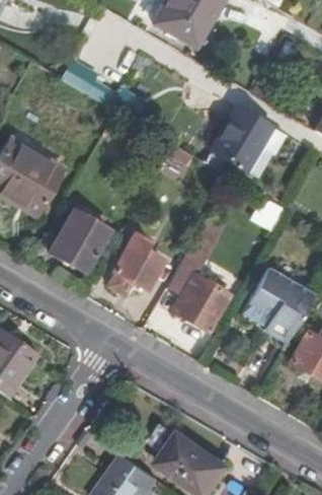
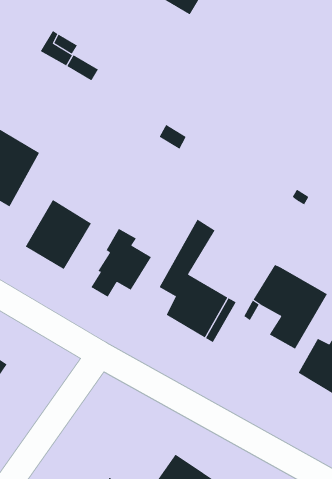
building: [212,105,273,170] -> none

